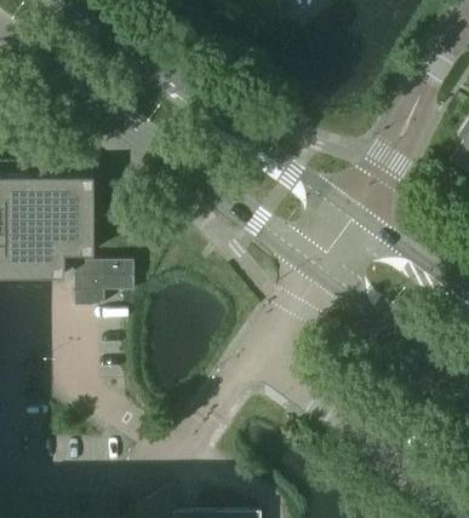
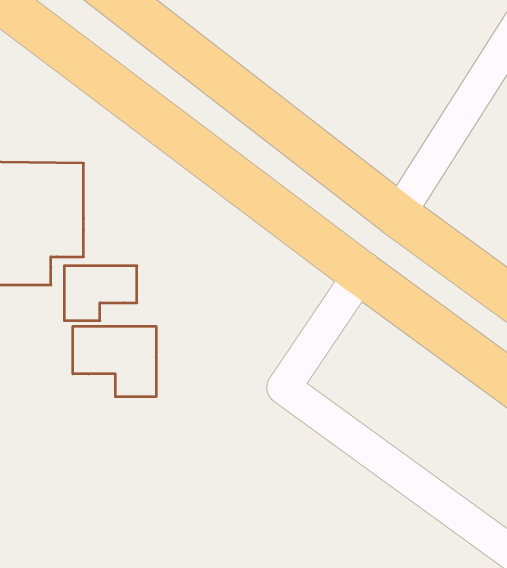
building: none -> [73,326,156,397]

